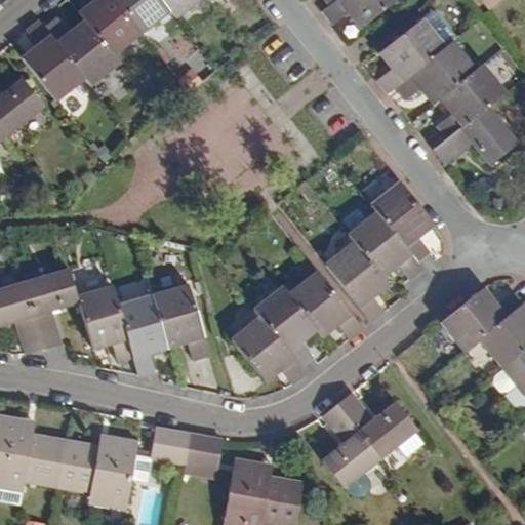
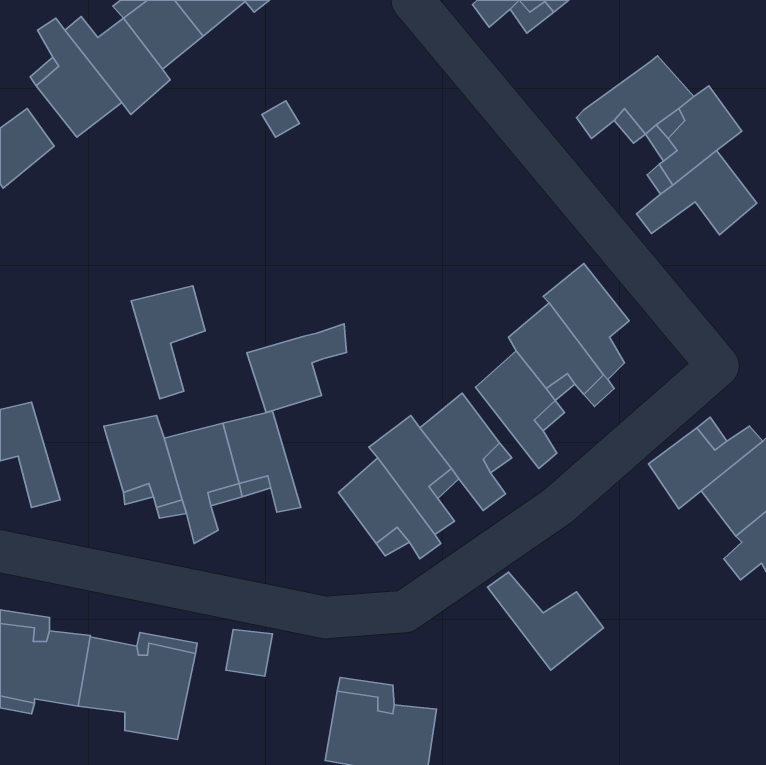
building: [382,16,445,78] -> none
building: none -> [247,324,346,413]
building: [24,267,74,344] -> [131,286,205,399]
building: [319,403,377,487] -> none
building: [183,435,217,468] -> none

